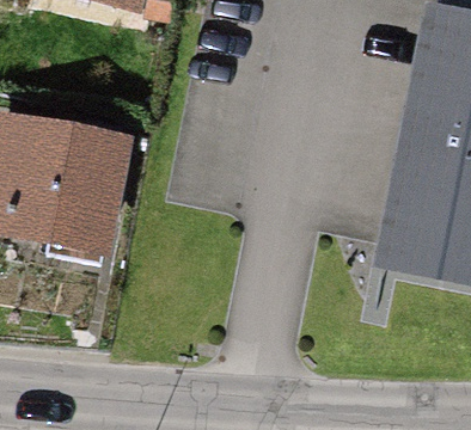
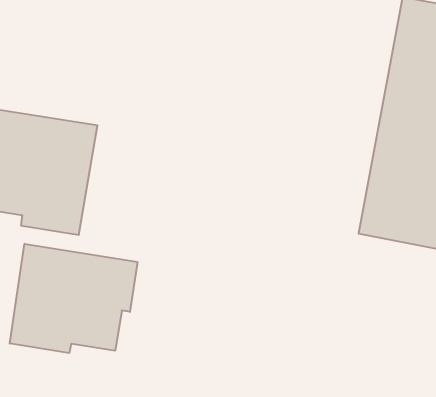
building: none -> [10,244,137,353]

